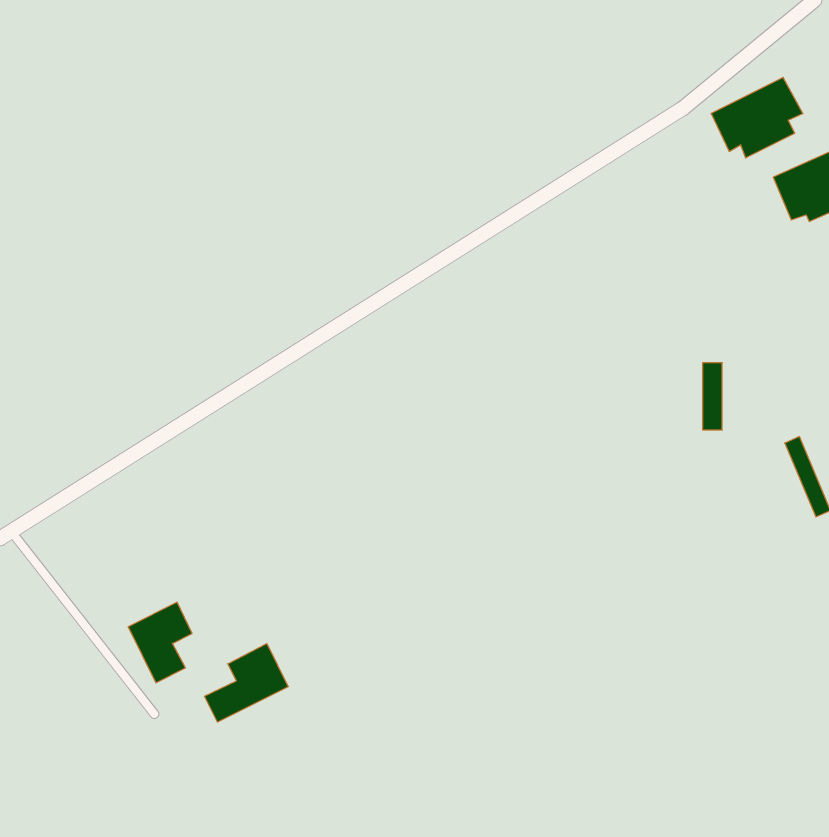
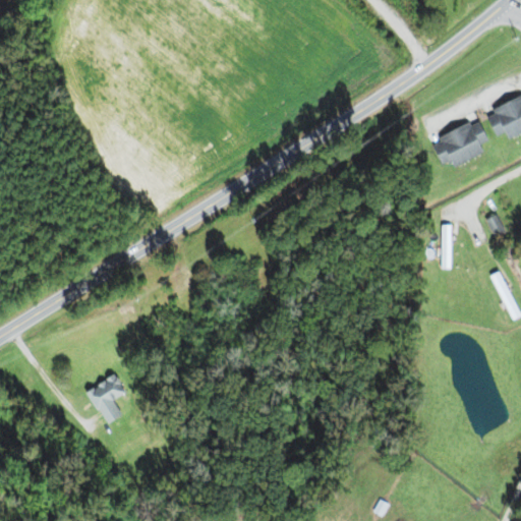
building: [711,77,803,158] -> [432,118,489,168]
building: [204,644,288,722] -> none

